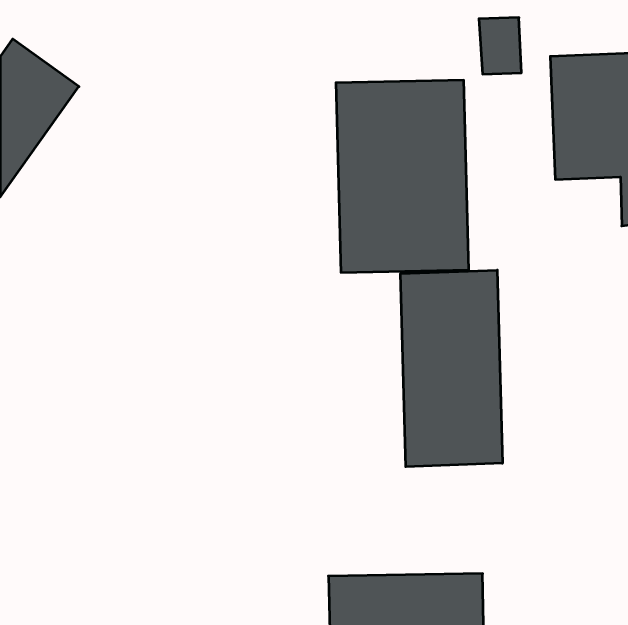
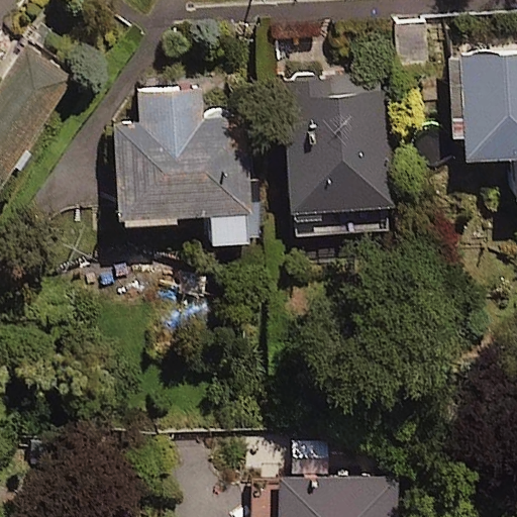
building: none -> [113,91,250,240]
building: [401,270,502,467] -> none

